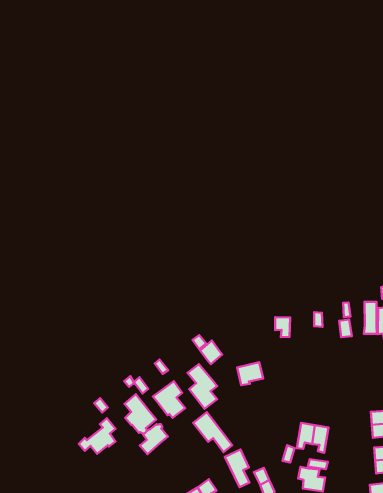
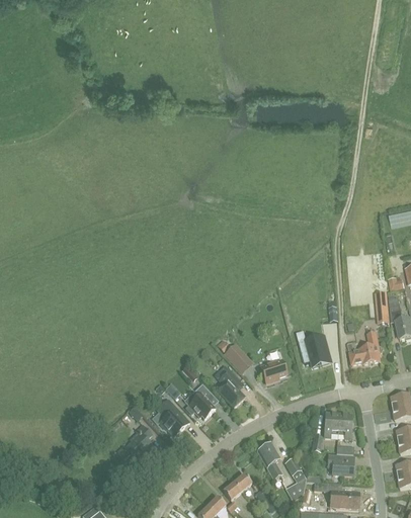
building: none -> [299,335,330,365]
building: none -> [350,331,382,364]
building: [193,412,232,452] -> none
building: [140,424,168,454] -> none

